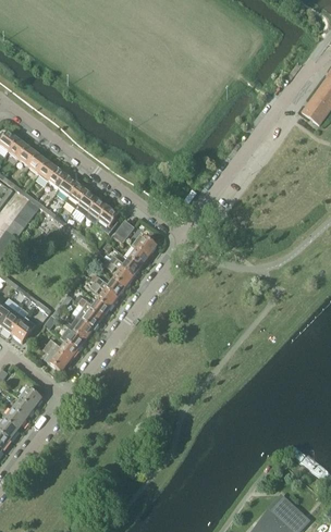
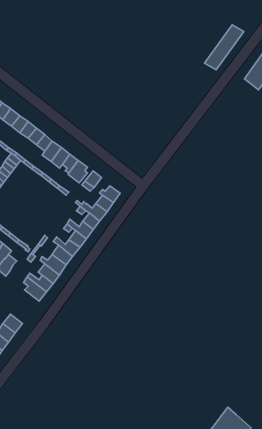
building: none -> [205,25,244,70]

